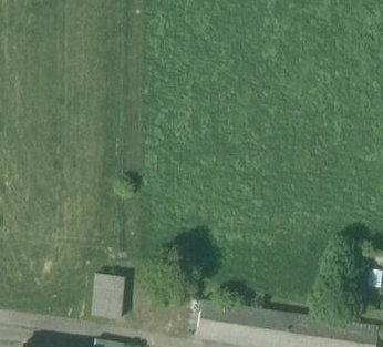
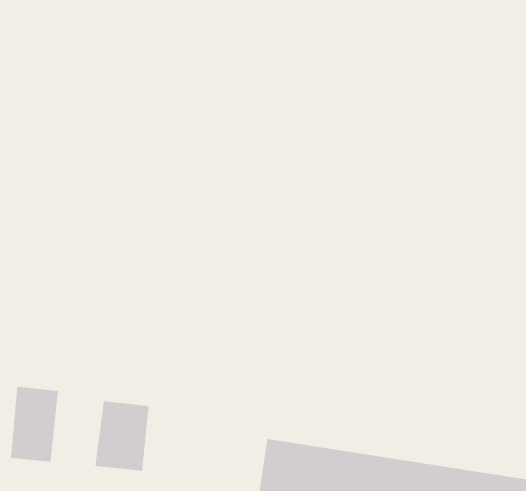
building: none -> [10,386,59,463]

